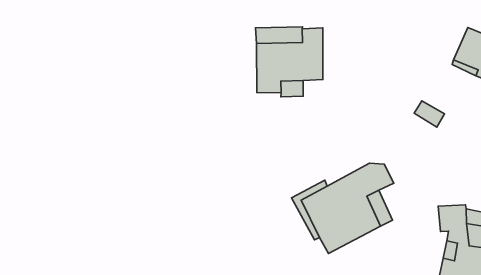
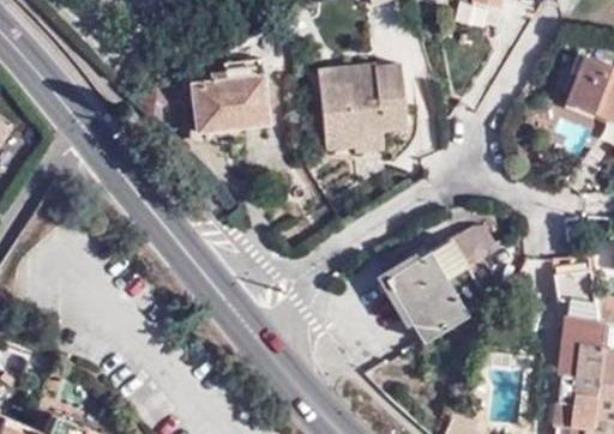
building: none -> [193,59,269,128]

